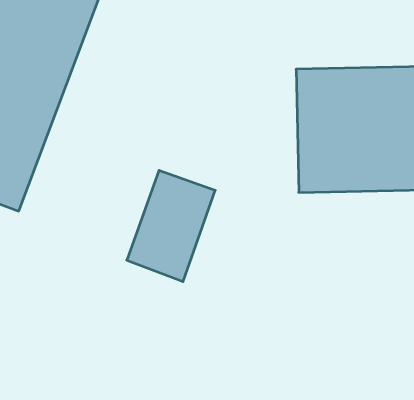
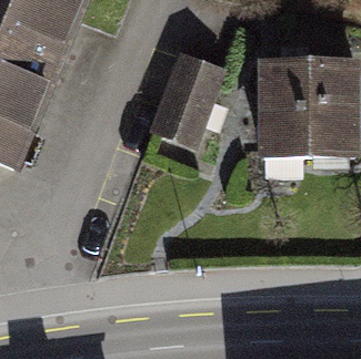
building: [127,170,215,282] -> [159,49,232,141]

